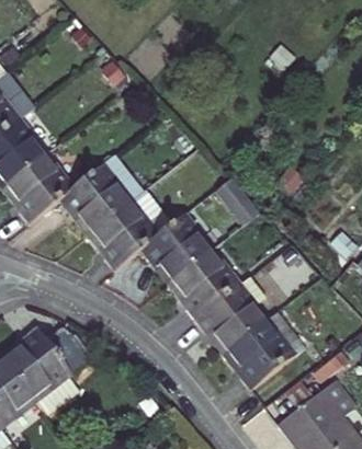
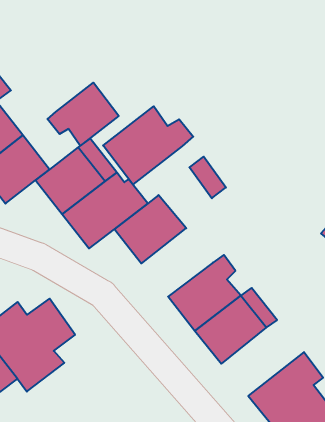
building: none -> [47,83,119,146]
building: none -> [103,106,193,185]
building: [169,249,242,319] -> none

